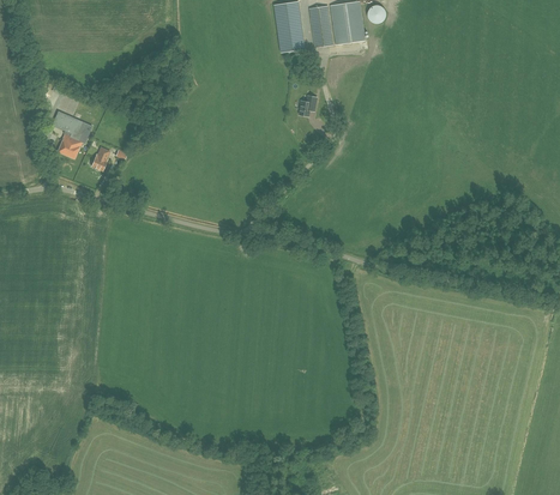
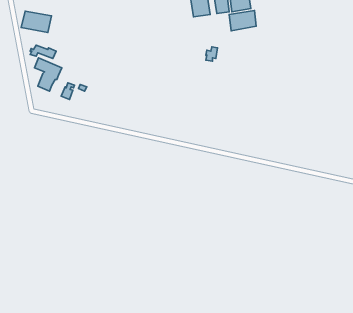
building: none -> [229,11,256,31]
building: none -> [21,11,52,33]

